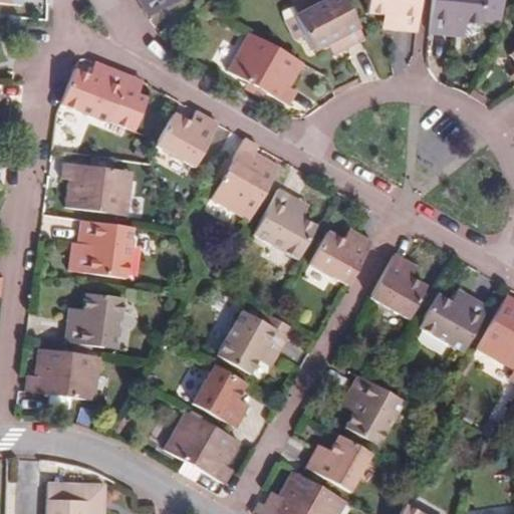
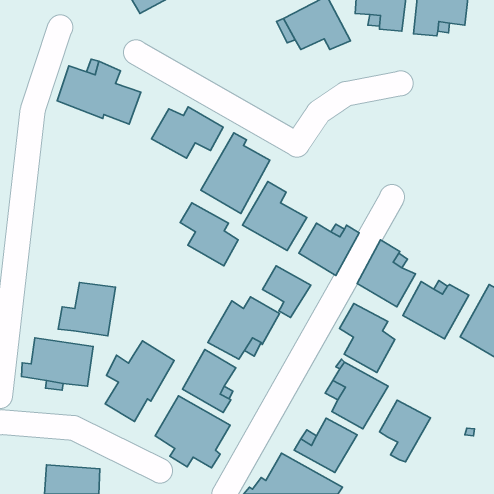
building: [228,35,303,105] -> none
building: [61,161,132,213] -> none
building: none -> [180,203,238,266]
building: [67,221,130,274] -> none
building: none -> [263,266,311,318]
building: none -> [340,304,395,373]
building: none -> [105,341,174,422]
building: none -> [379,400,431,462]

